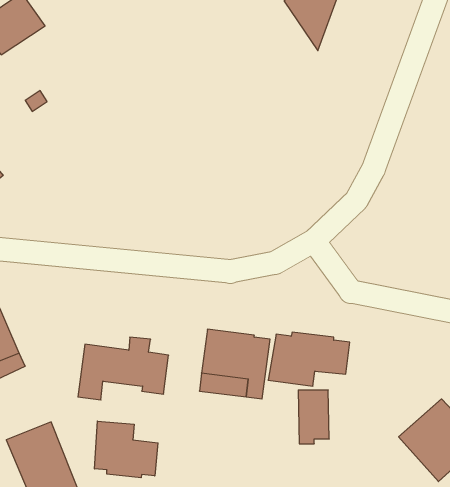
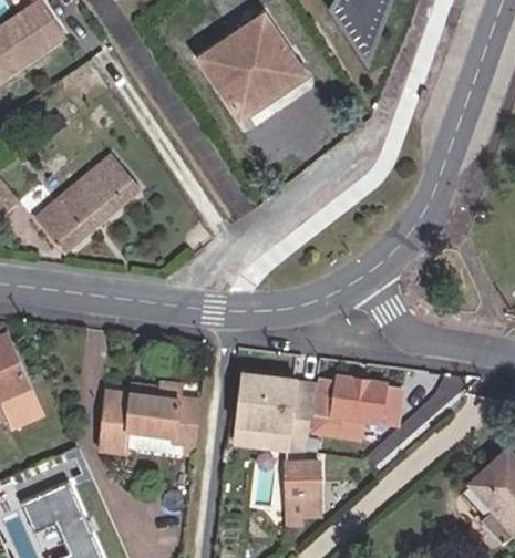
building: none -> [198,16,305,122]
building: none -> [33,156,138,256]
building: [298,390,329,444] -> [287,459,321,519]
building: [95,421,158,478] -> none

